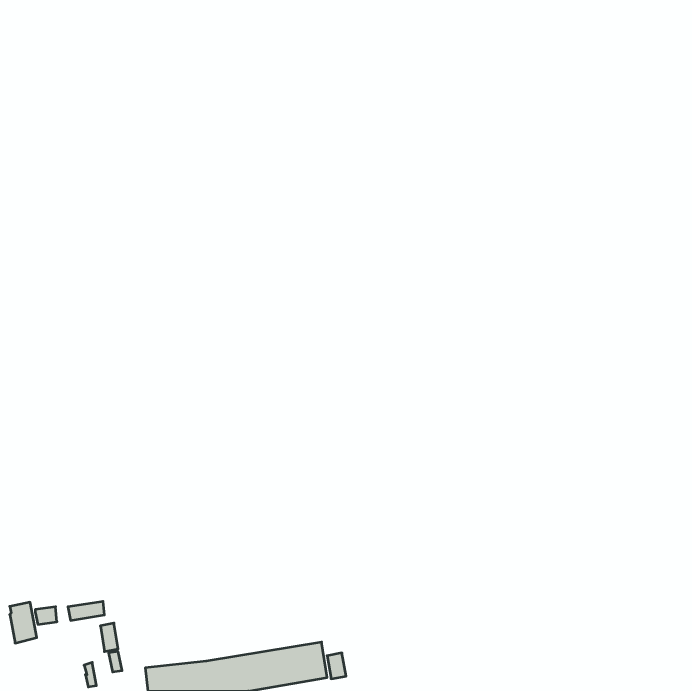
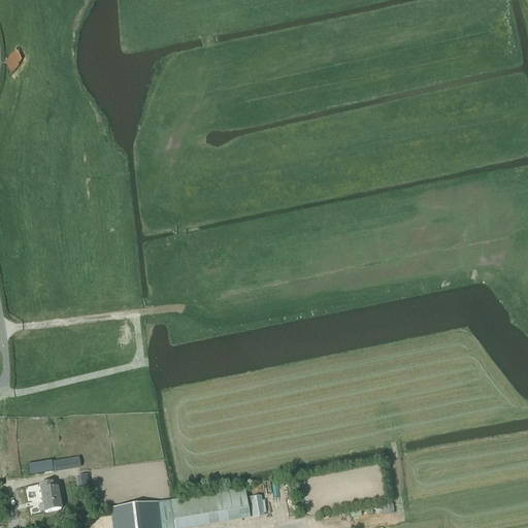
building: [10,602,37,643] -> [40,481,61,512]

